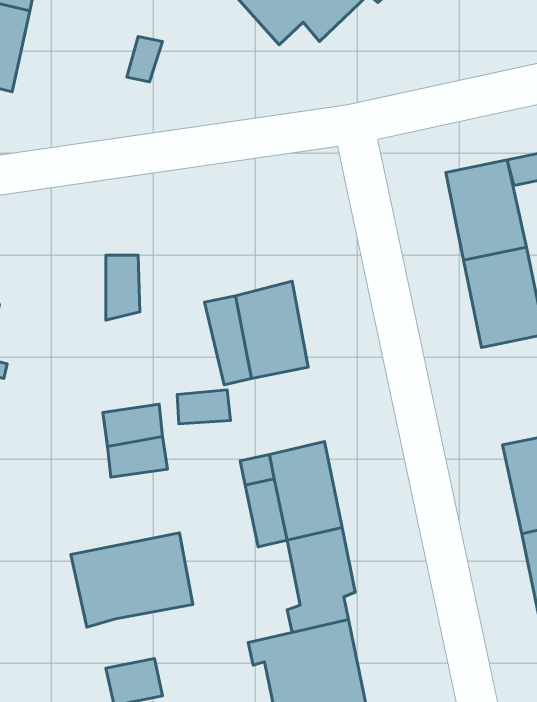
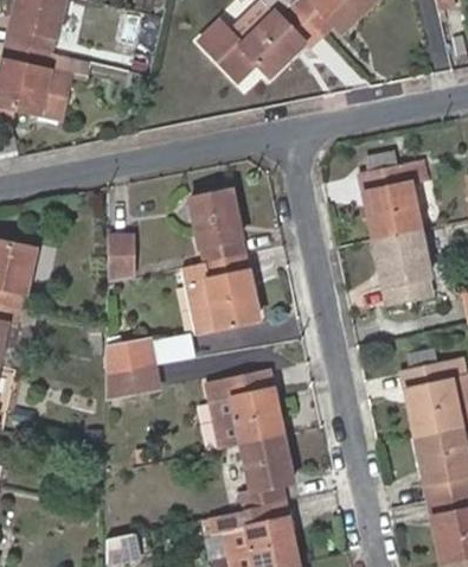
building: none -> [40,55,91,120]
building: none -> [190,189,245,263]
building: [71,533,193,627] -> none

